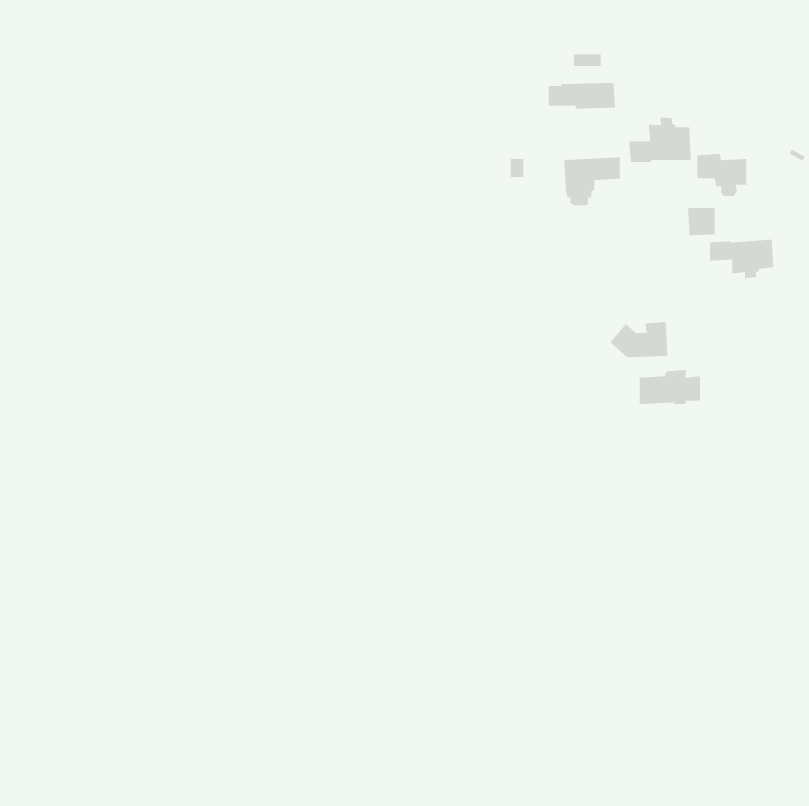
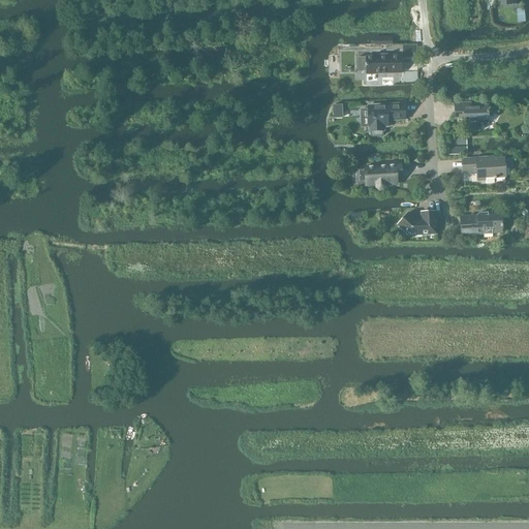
building: [628,117,691,163] -> none
building: none -> [357,160,401,188]
building: [639,370,701,404] -> [461,210,501,232]

